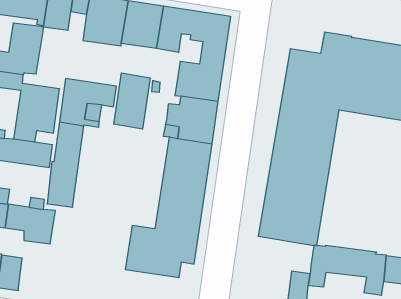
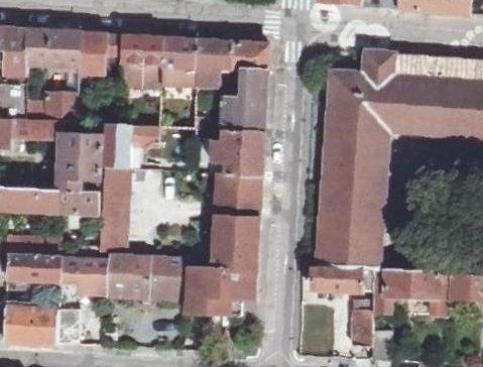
building: [114,73,150,129] -> none
building: none -> [106,253,189,297]
building: none -> [311,266,374,291]

